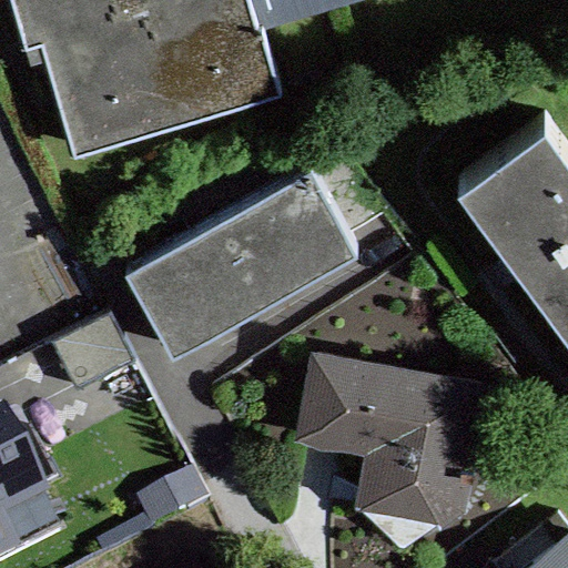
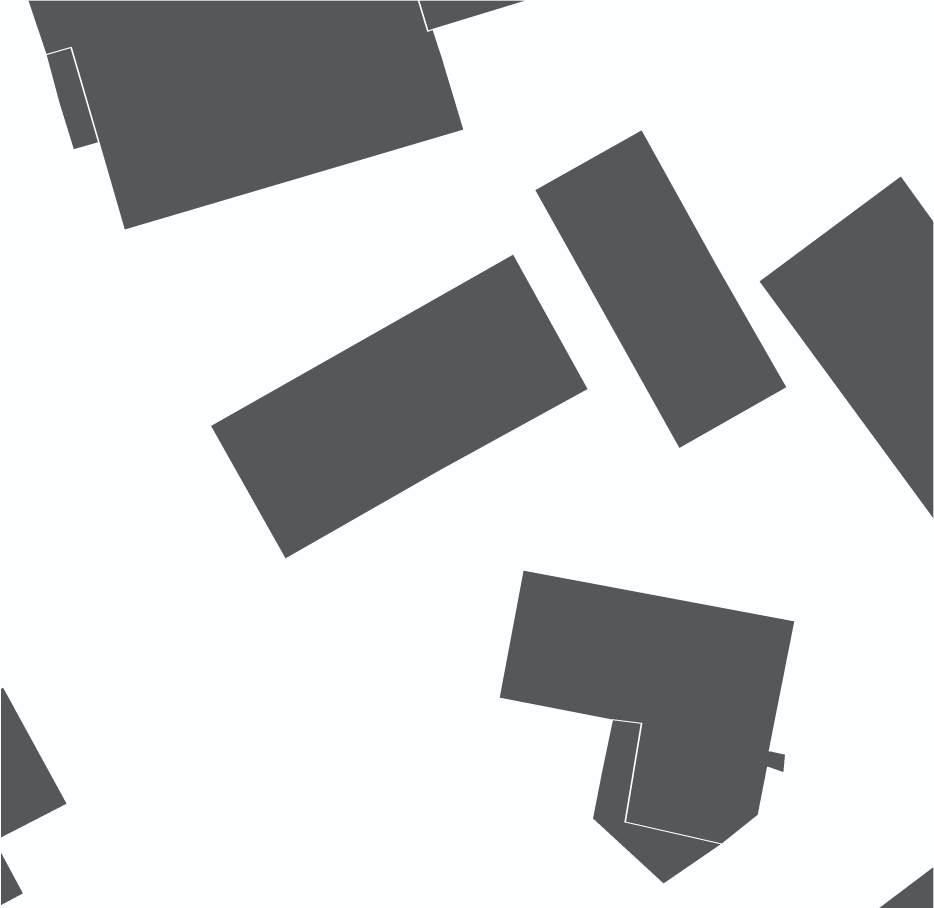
building: none -> [535,129,787,449]

